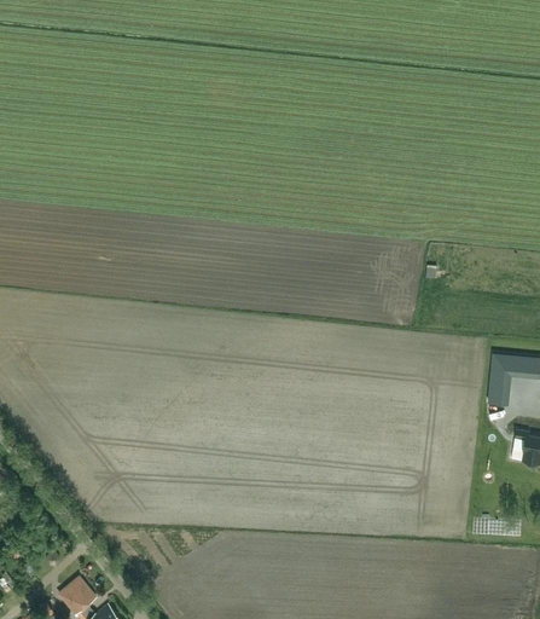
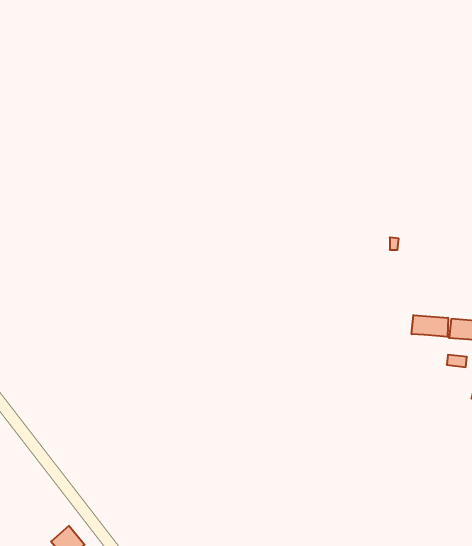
building: none -> [412,315,448,337]

